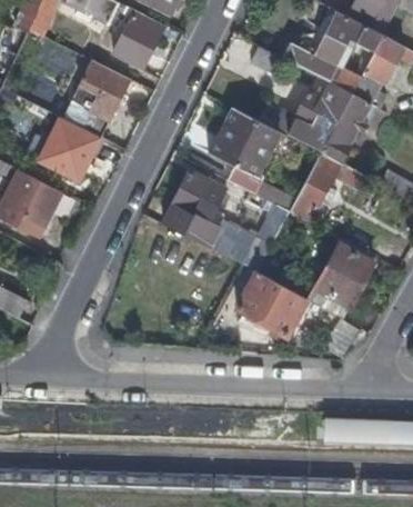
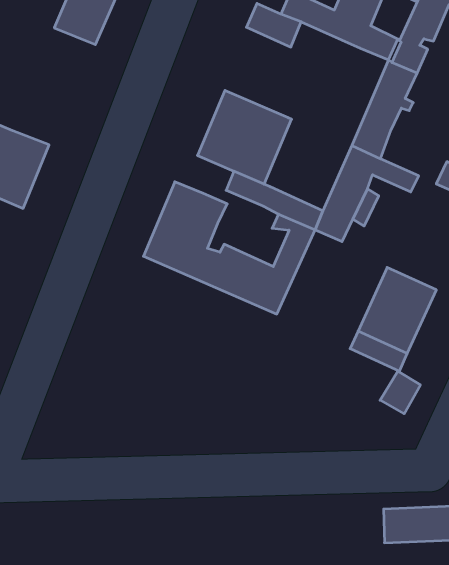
building: [75,59,130,137] -> none
building: [275,83,351,153] -> none
building: [236,271,305,337] -> none

